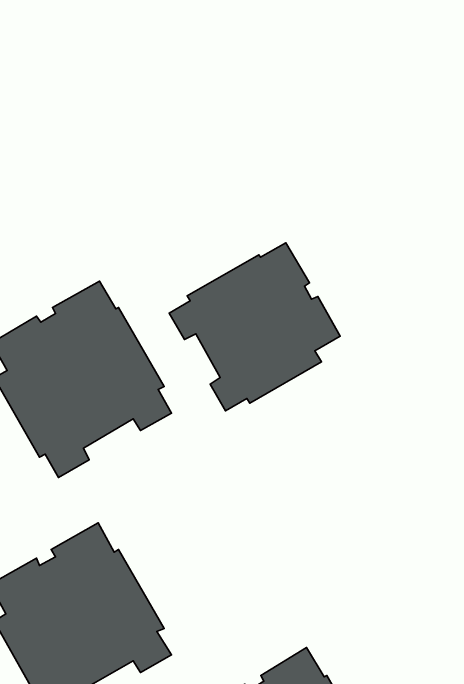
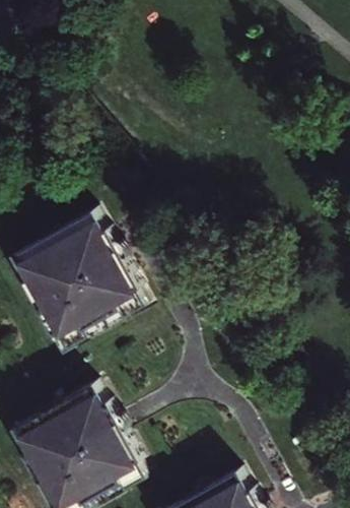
building: [169,243,340,411] -> none

